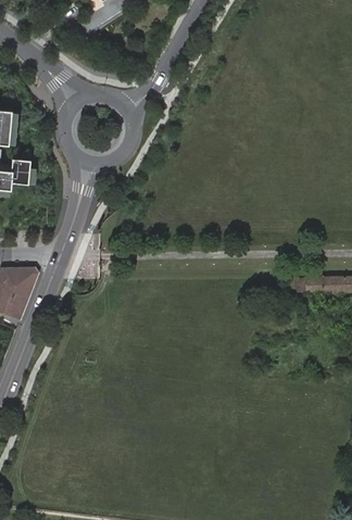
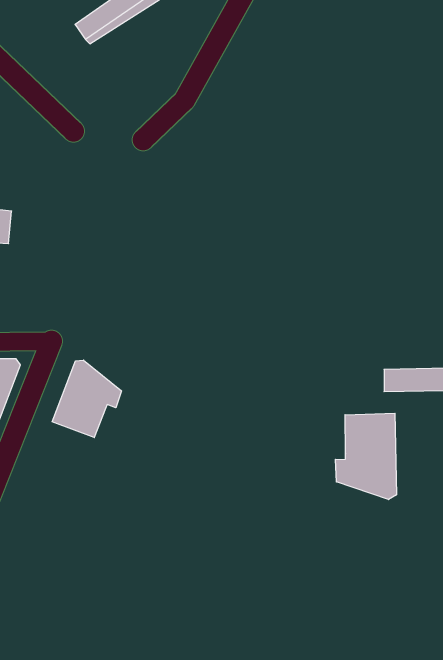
building: none -> [52,360,122,438]
building: none -> [335,413,396,500]

